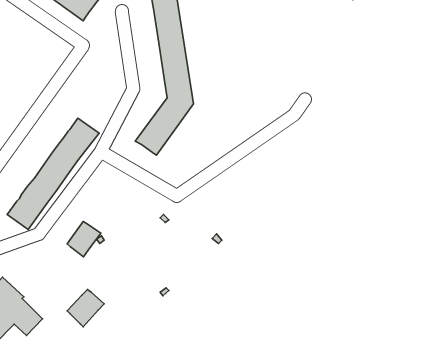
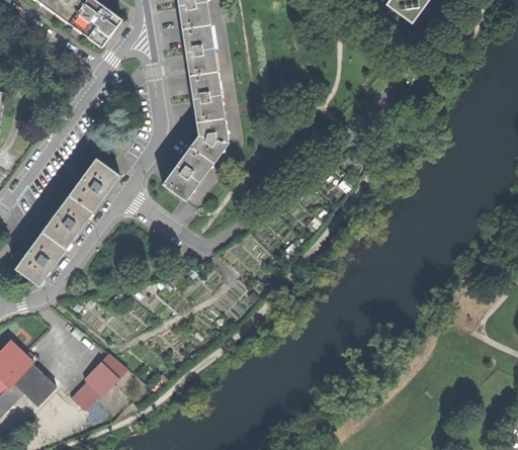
building: [67,221,101,257] -> none
building: none -> [71,381,99,410]

